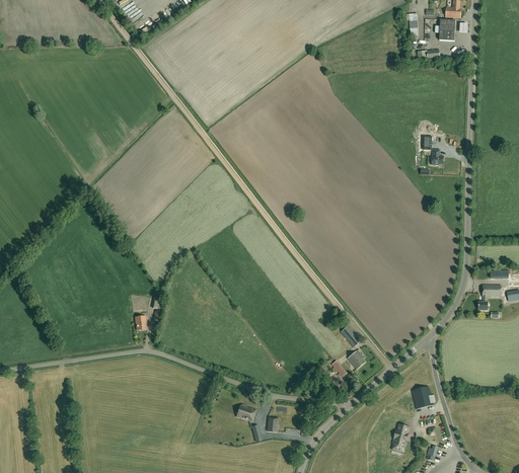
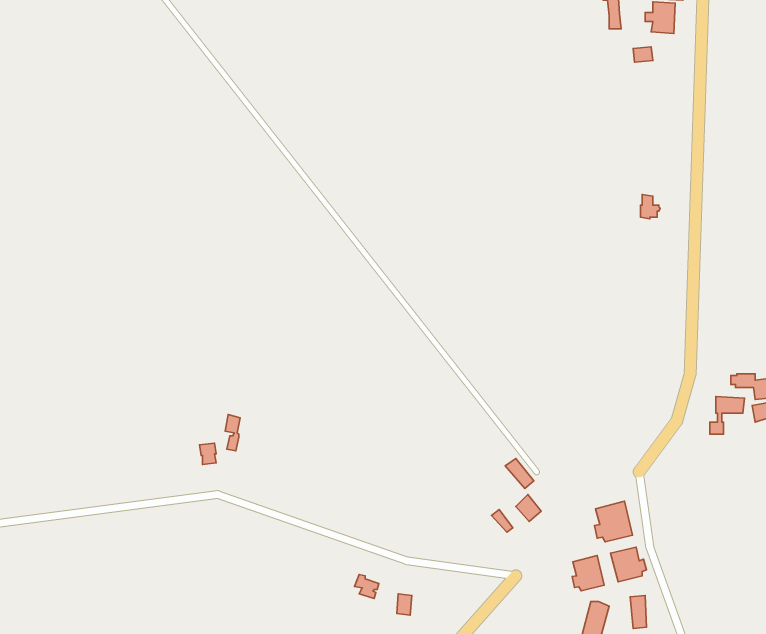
building: none -> [595,501,632,542]
building: none -> [572,556,604,591]

